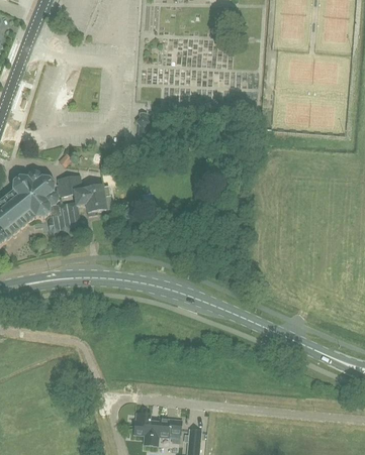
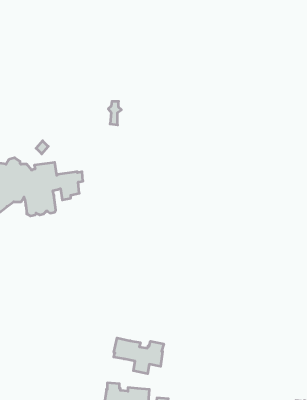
building: none -> [114,338,164,374]

